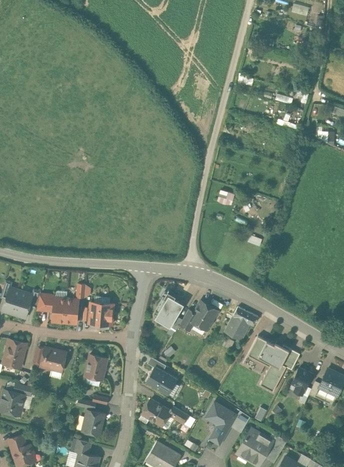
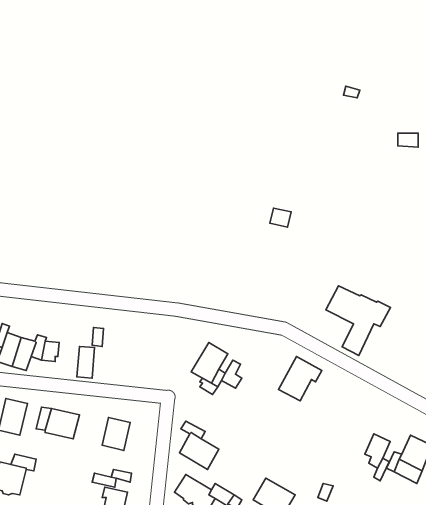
building: [48,295,67,322] -> none
building: [190,301,218,330] -> none
building: [89,302,113,325] -> none
building: [248,336,299,391] -> [326,286,390,356]

